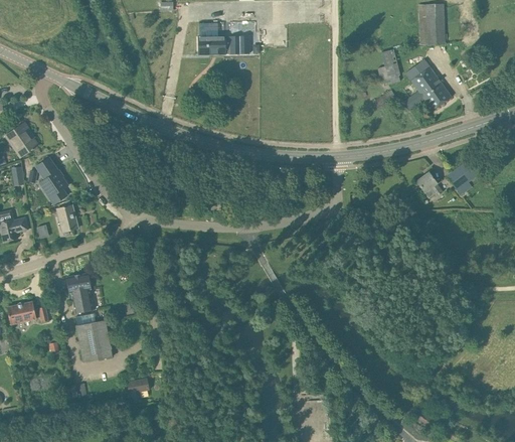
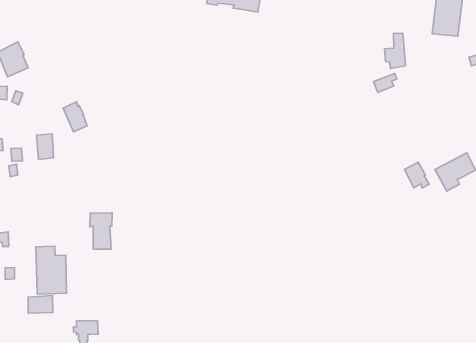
building: [403,59,452,111] -> none
building: [41,164,67,193] -> [63,102,87,132]
building: [67,274,94,312] -> [90,213,112,249]
building: none -> [28,296,53,313]

